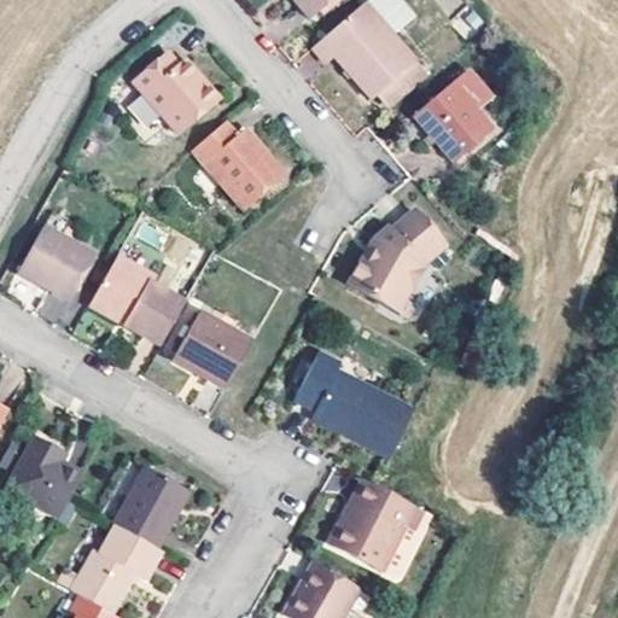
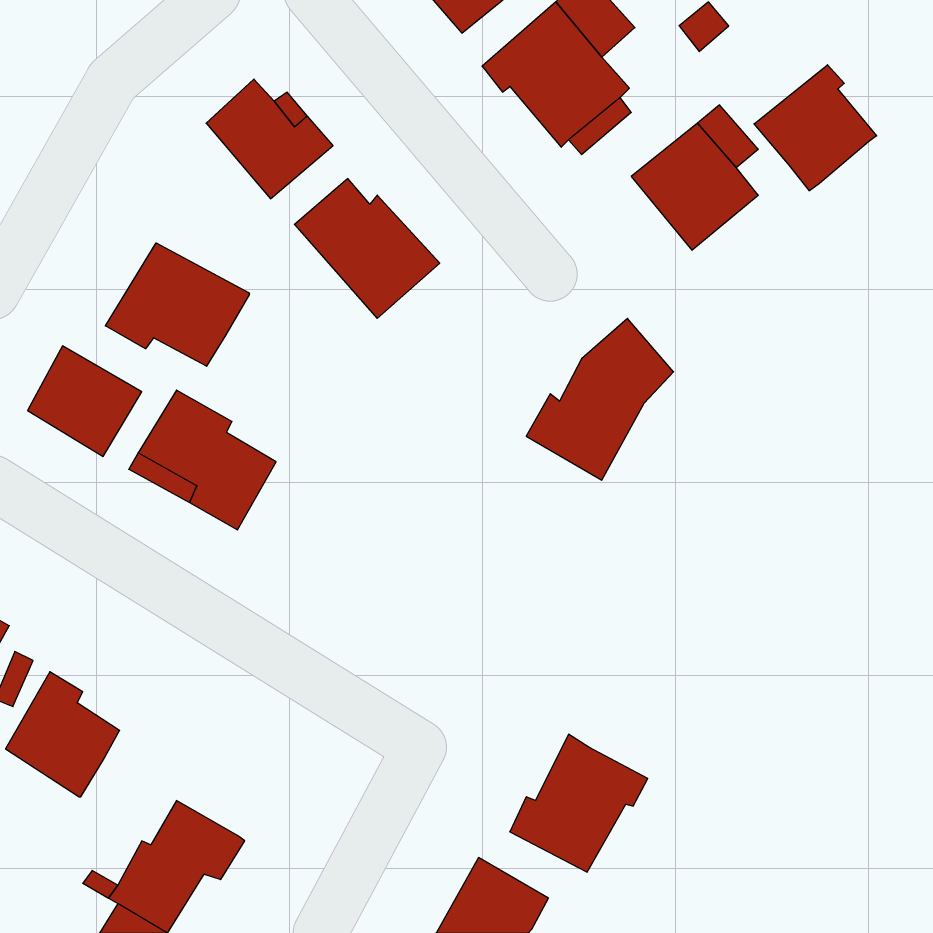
building: none -> [754,65,877,191]
building: none -> [105,243,249,366]
building: [171,313,250,389] -> none
building: [295,354,410,456] -> none
building: [110,465,190,548] -> none

